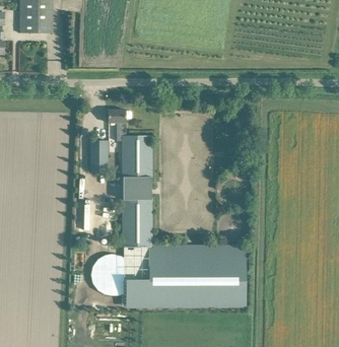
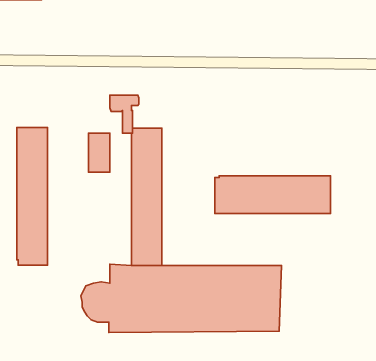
building: none -> [17,127,48,265]
building: none -> [215,176,331,214]

